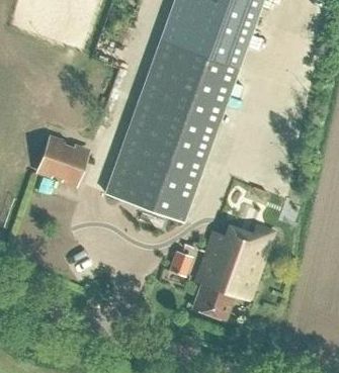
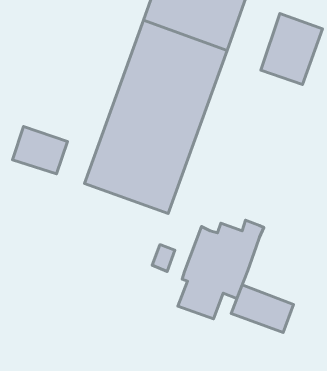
building: none -> [261,14,323,84]
building: none -> [231,285,293,333]

